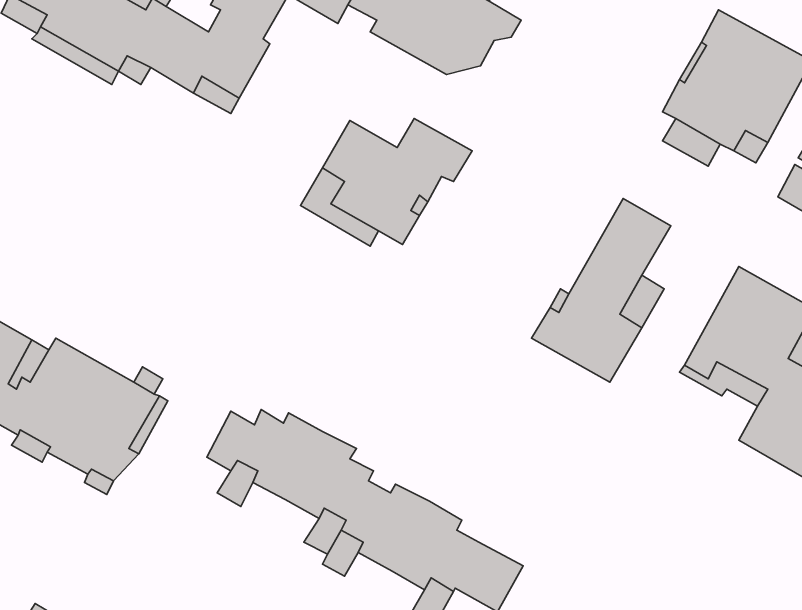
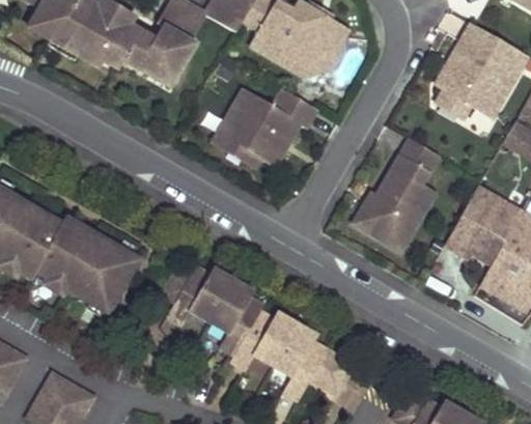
building: none -> [250,35,343,74]

